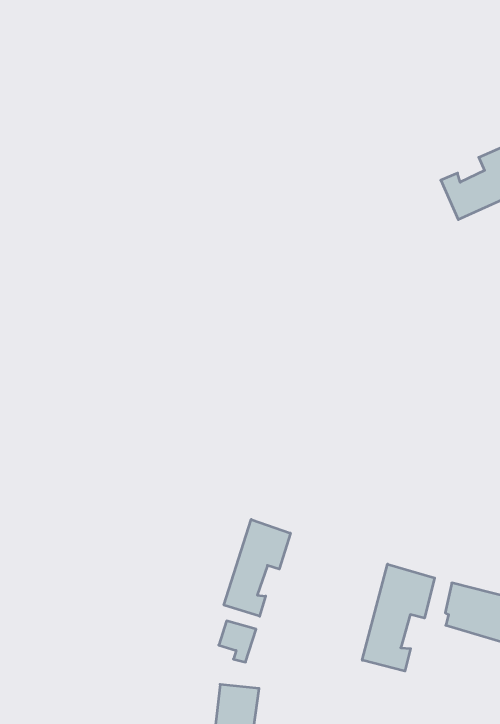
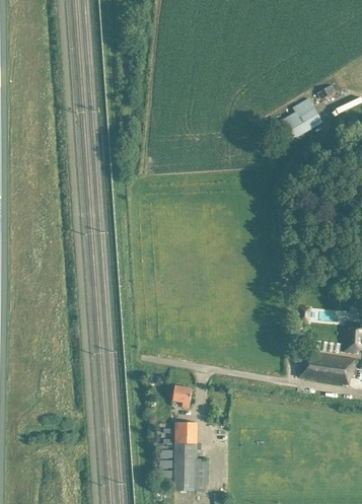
building: [224,519,290,616] -> none
building: [362,564,435,671] -> none

